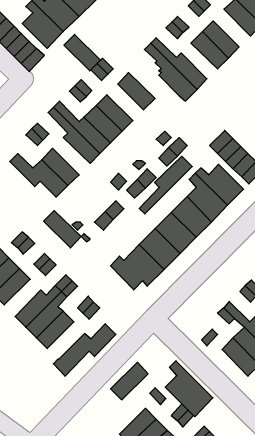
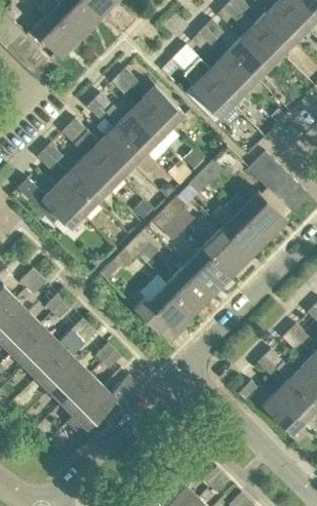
building: none -> [251,12,294,55]
building: [64,34,100,71] -> [129,99,171,141]
building: none -> [214,51,256,92]
building: [139,156,192,214] -> none
building: [44,211,81,248] -> [67,160,110,203]
building: none -> [11,323,53,366]
building: [165,361,213,417] -> none
building: [111,362,148,400] -> [61,373,104,416]

